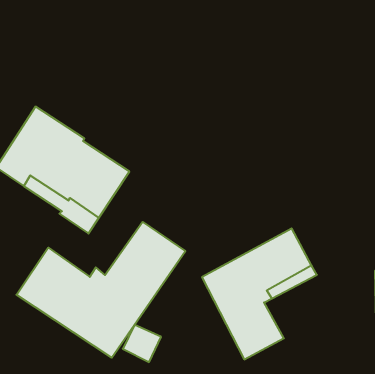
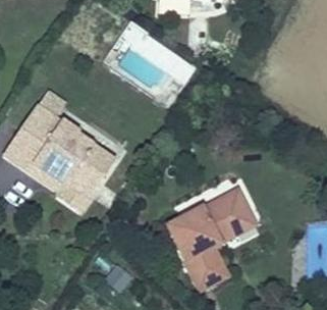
building: [16,222,185,358] -> none

